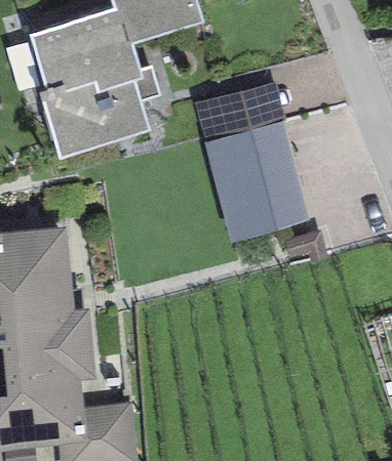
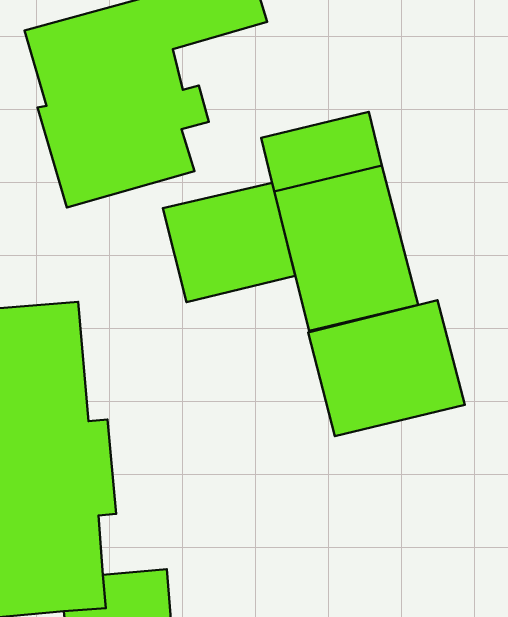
building: none -> [163,183,295,302]
building: none -> [308,300,465,436]

